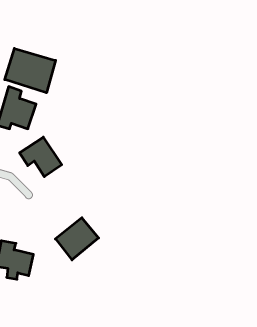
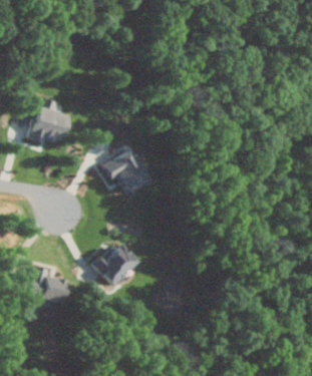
building: [5,48,56,93] -> none
building: [20,137,62,177] -> [99,149,145,193]

